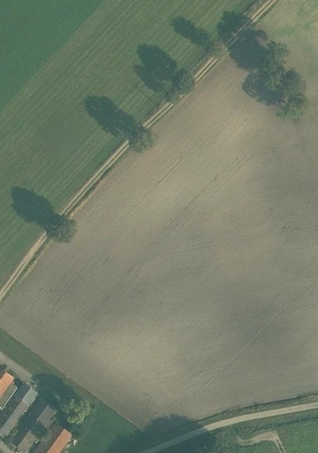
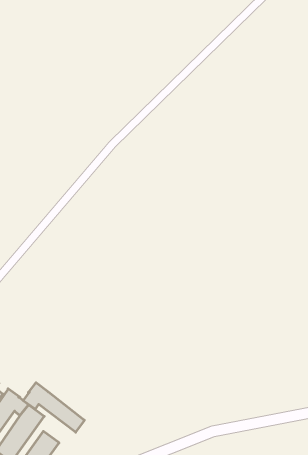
building: none -> [23,383,84,432]

